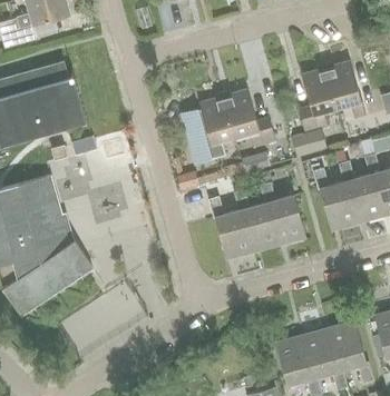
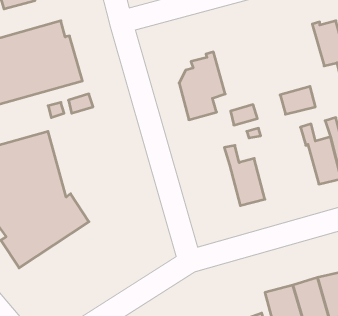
building: [298,63,337,131] -> none
building: [222,89,275,147] -> none
building: [259,181,305,245] -> none
building: [207,196,250,258] -> none

